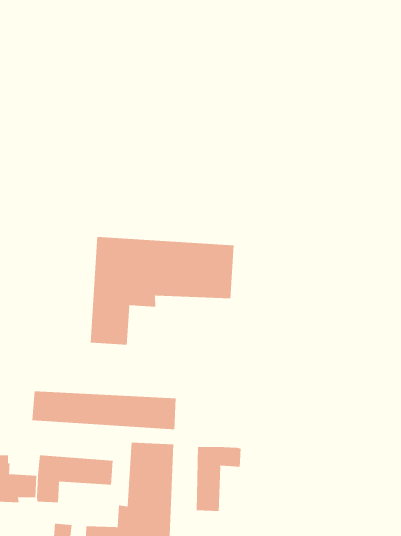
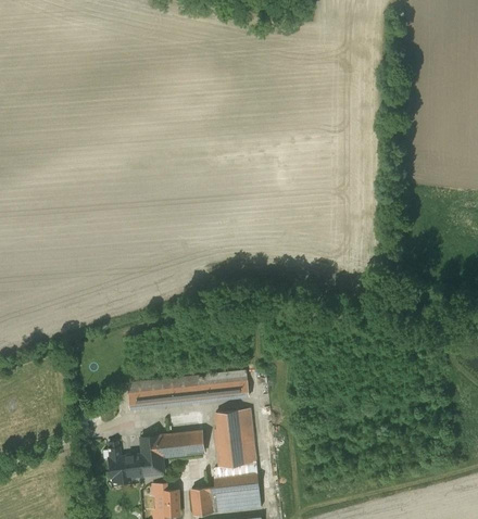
building: [90,236,234,345] -> none
building: [196,446,241,512] -> none

